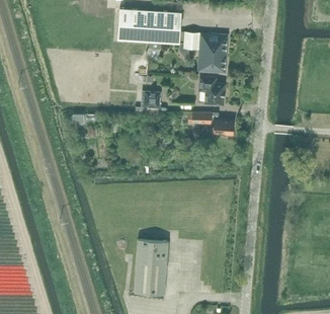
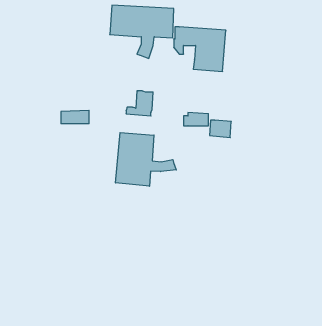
building: [198,77,224,104] -> none
building: none -> [116,133,176,186]
building: [134,241,168,294] -> none

